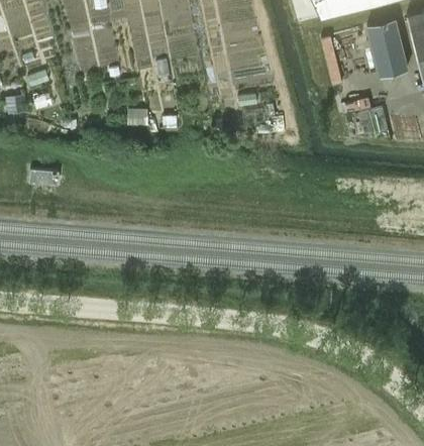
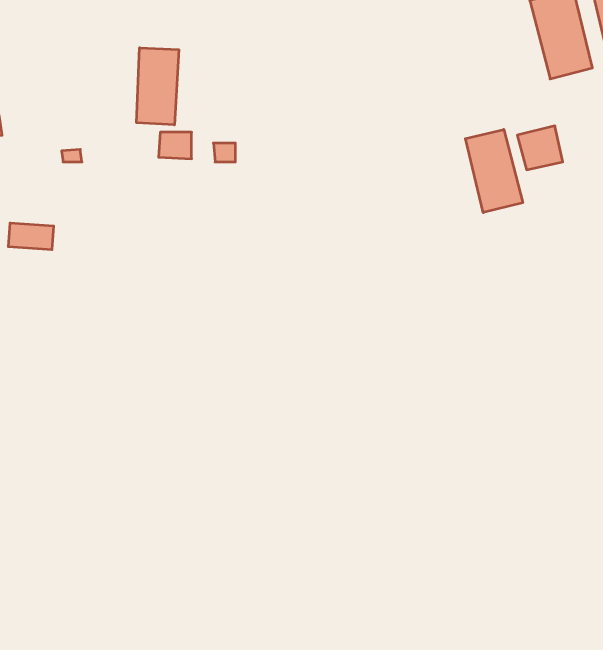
building: none -> [137,48,179,125]
building: none -> [465,129,523,213]

